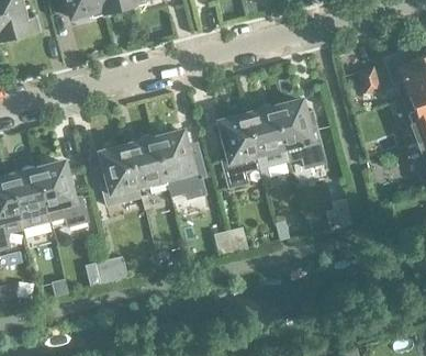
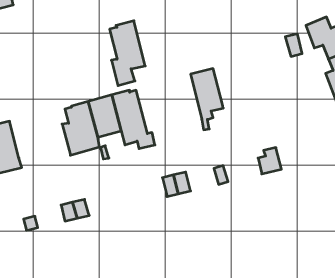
building: [274,101,326,168] -> none
building: [220,113,261,189] -> [110,21,145,86]
building: [36,163,78,216] -> none

